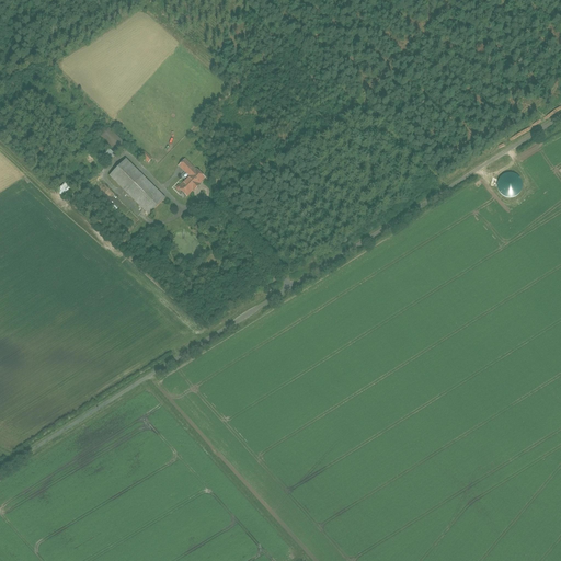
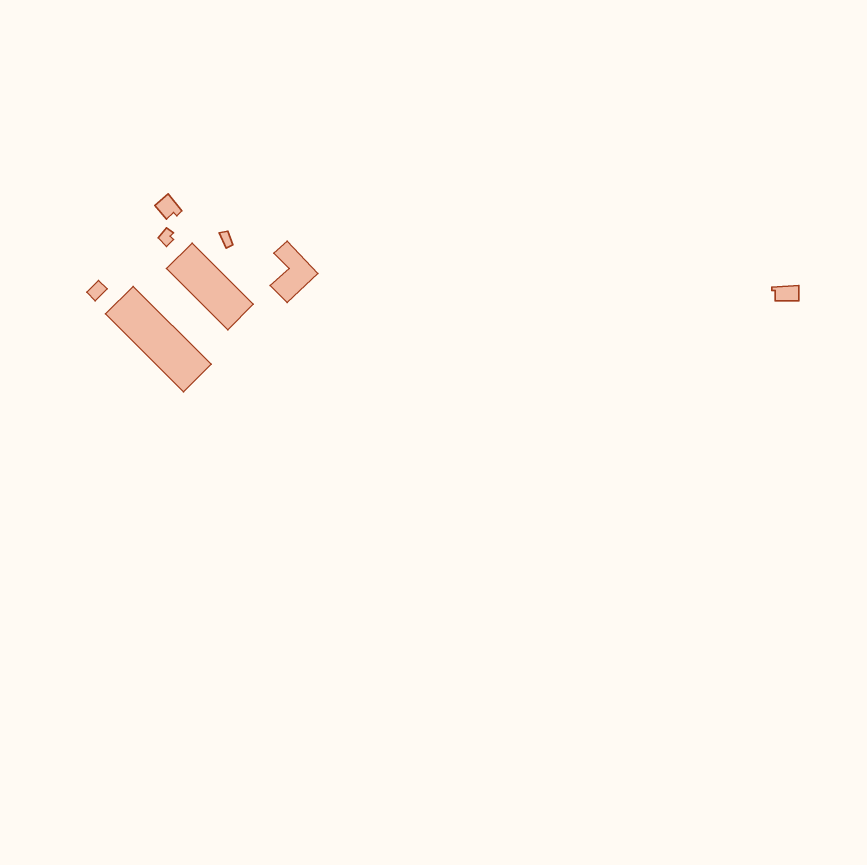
building: none -> [106,286,211,392]

